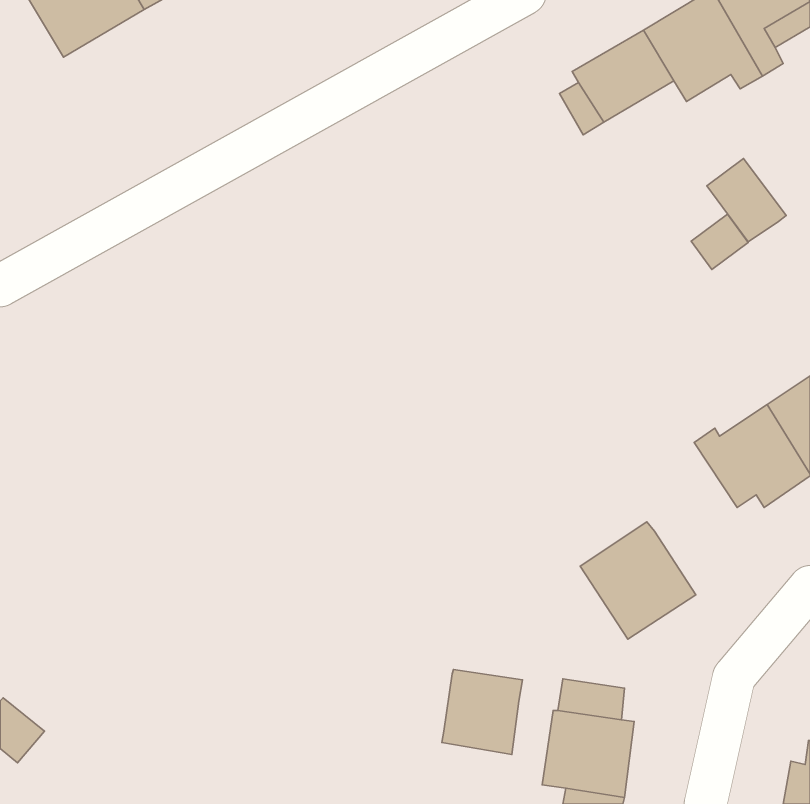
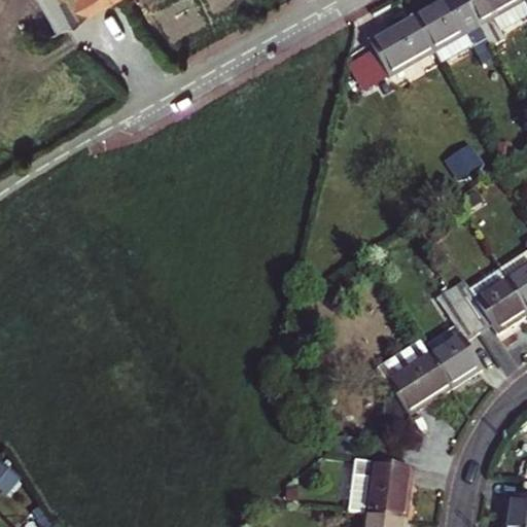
building: [707,159,786,242] -> none
building: none -> [425,287,481,386]
building: [442,670,522,754] -> none

